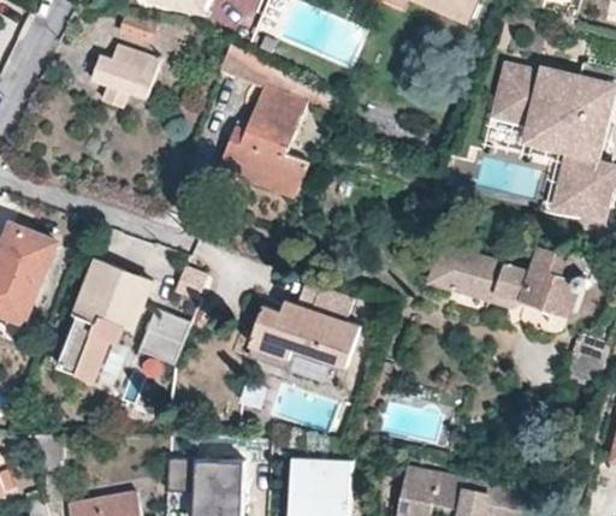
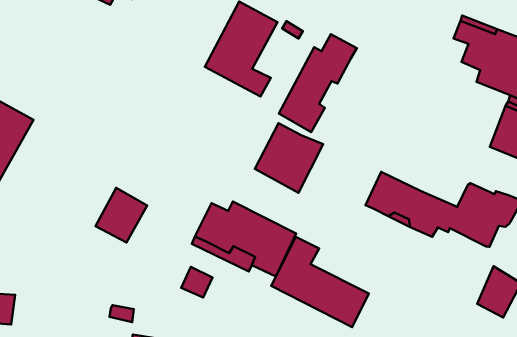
building: none -> [279,34,357,132]
building: none -> [255,123,323,193]
building: [58,260,150,380] -> none
building: none -> [271,237,369,327]

